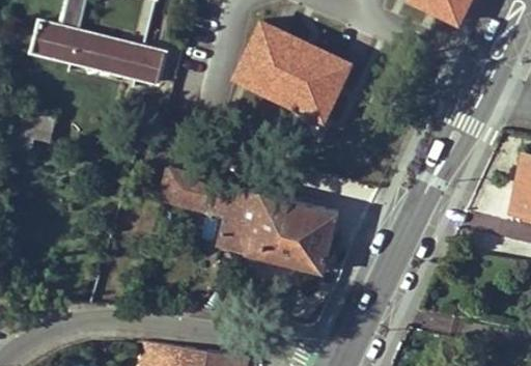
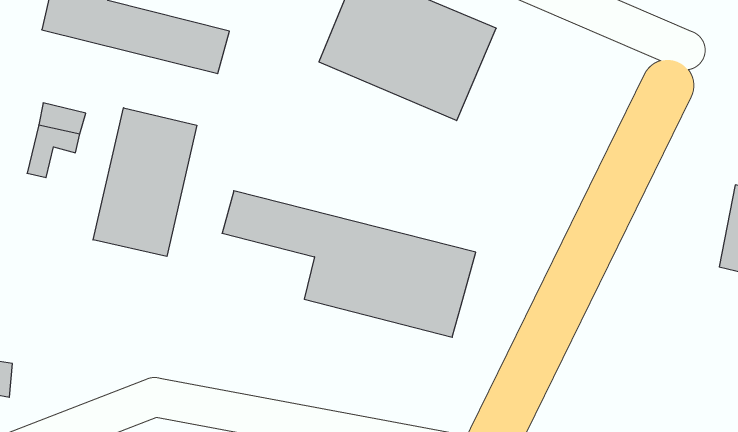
building: none -> [93,108,197,256]

